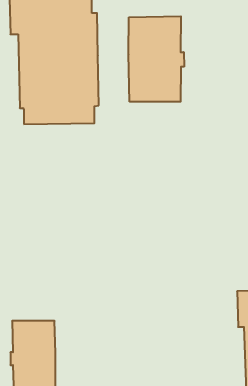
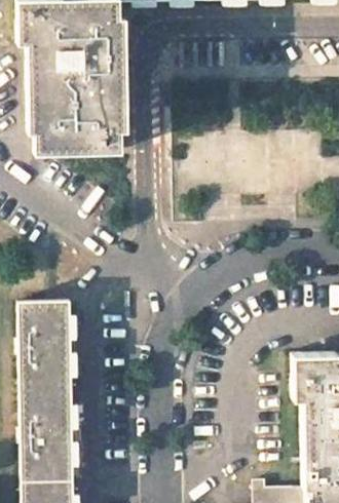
building: [129,16,184,102] -> none
building: none -> [16,301,72,390]

